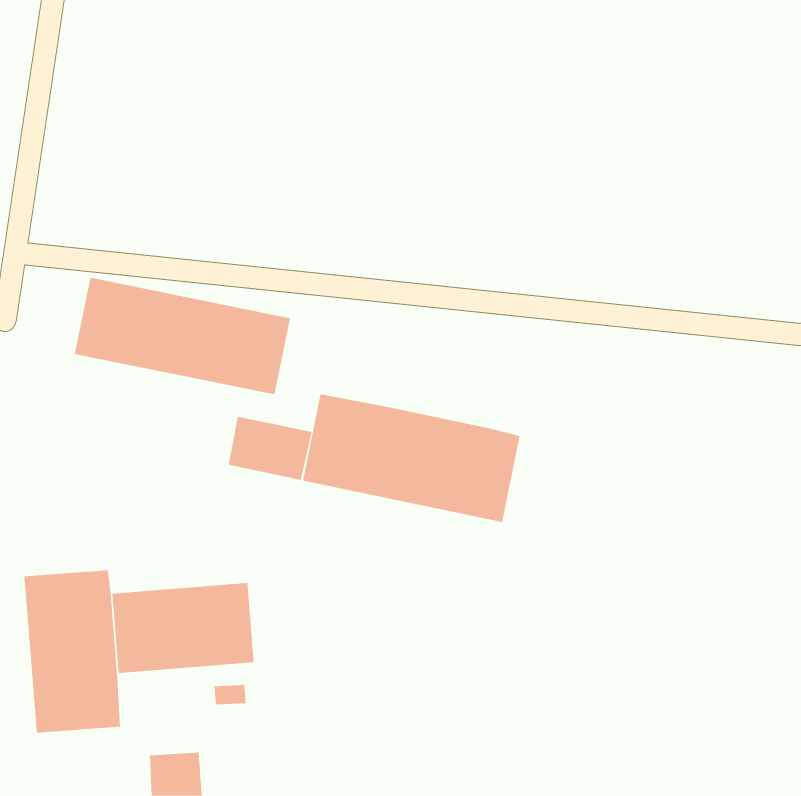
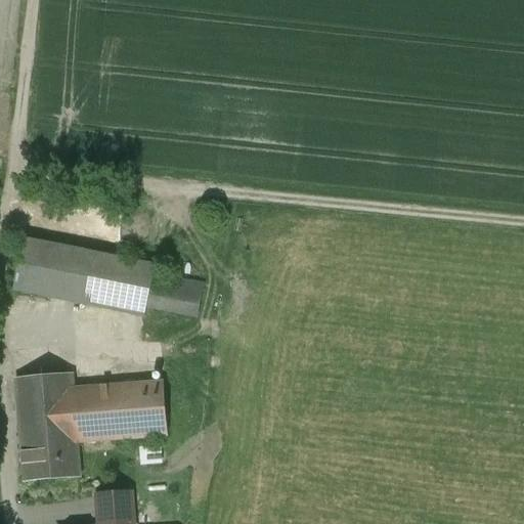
building: [74,277,291,395] -> [13,236,155,313]
building: [303,393,520,523] -> none

